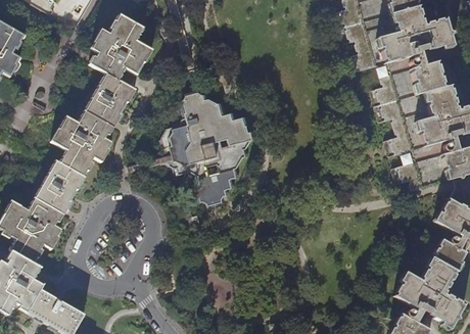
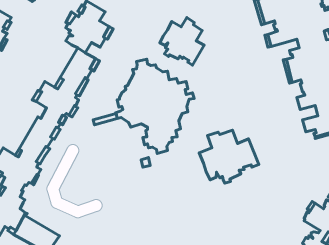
building: none -> [160,18,204,65]
building: none -> [199,130,259,183]

